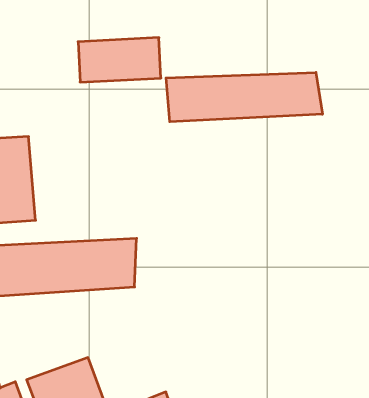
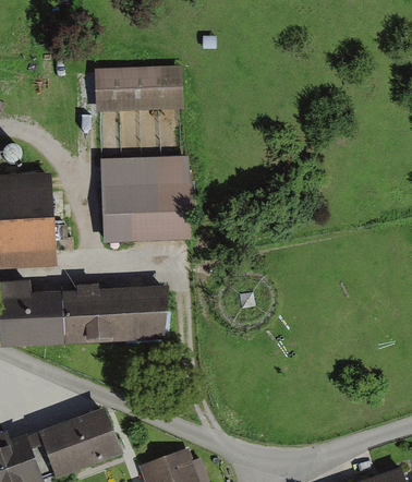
building: [166,72,322,122] -> none
building: none -> [100,157,192,245]

